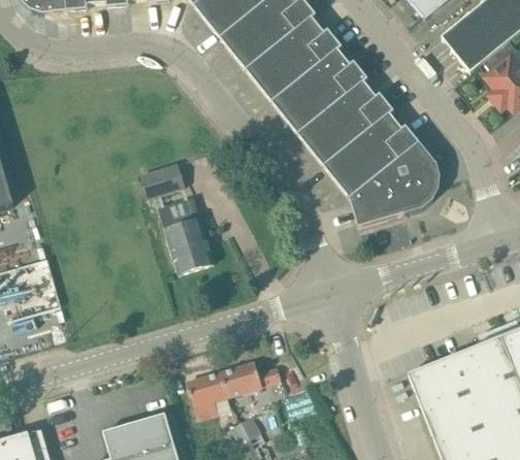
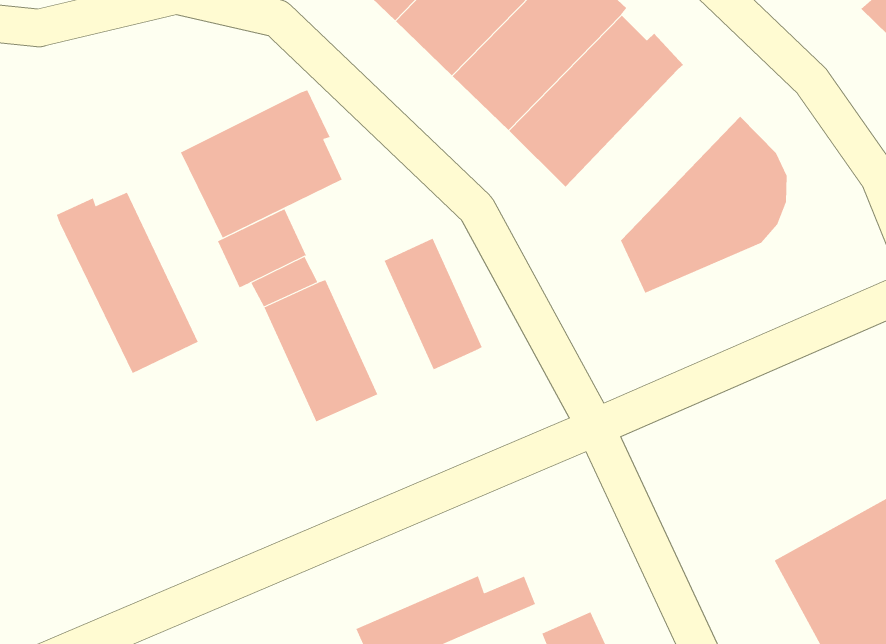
building: none -> [180,90,343,239]
building: [325,113,420,198] -> none
building: none -> [56,192,199,374]
building: none -> [384,238,482,370]

